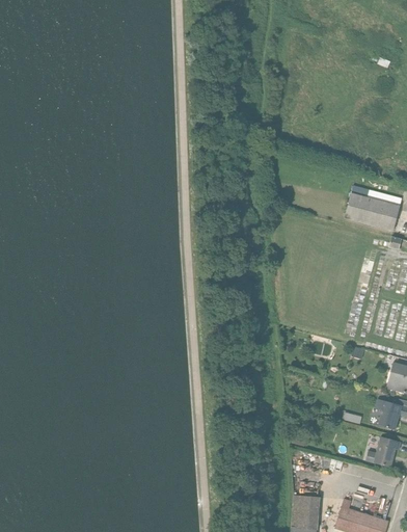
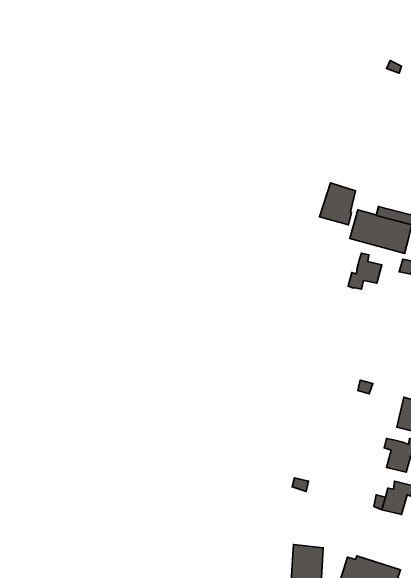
building: none -> [319,183,356,225]
building: none -> [348,253,382,289]

